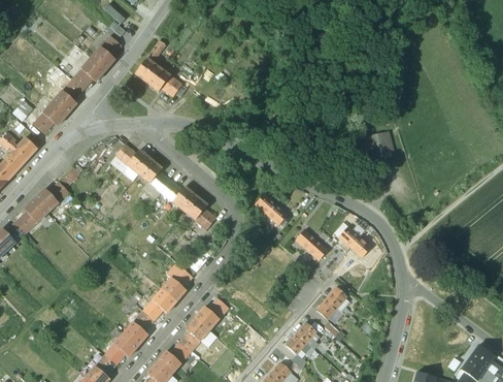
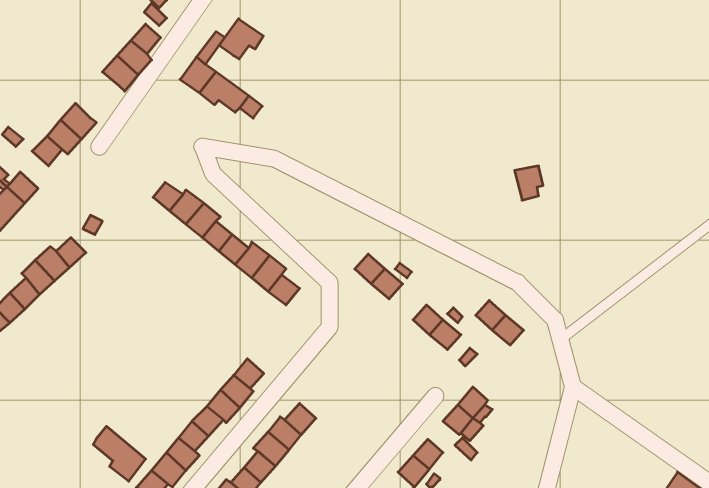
building: none -> [219,19,263,59]
building: [62,68,92,100] -> none
building: none -> [93,426,146,481]

